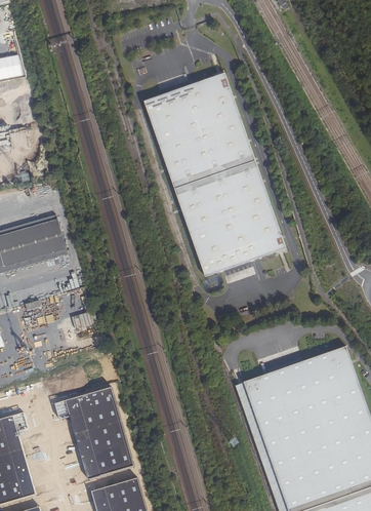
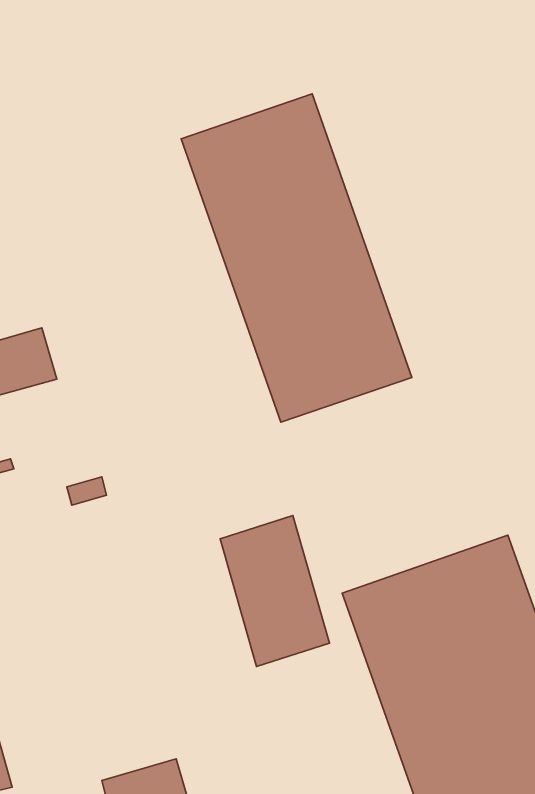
building: [68,393,135,486] -> [220,516,329,667]

